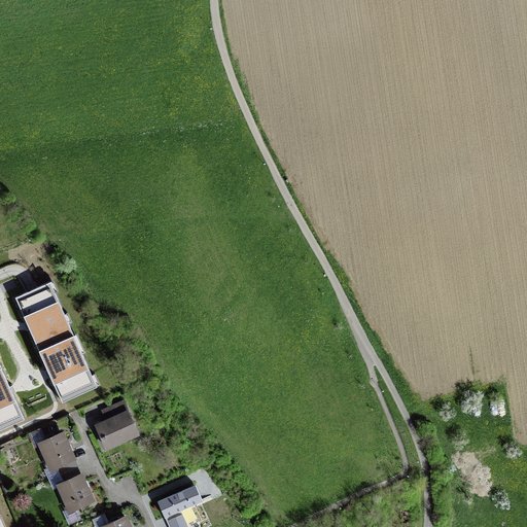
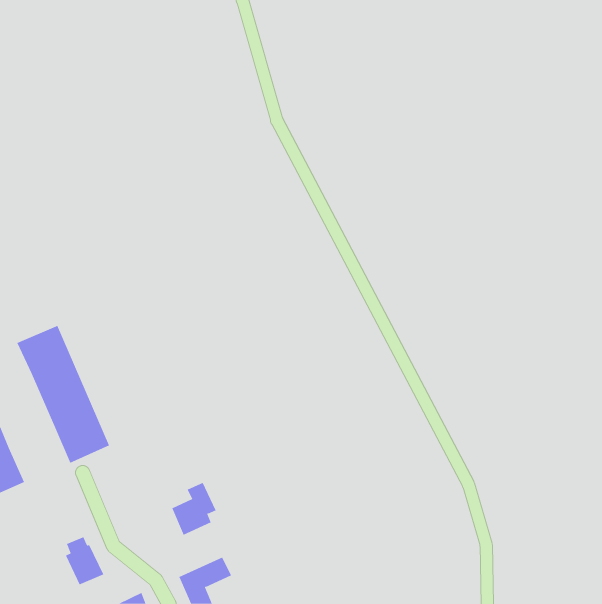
building: [94,401,133,448] -> [171,482,216,535]
building: [39,432,73,473] -> none

